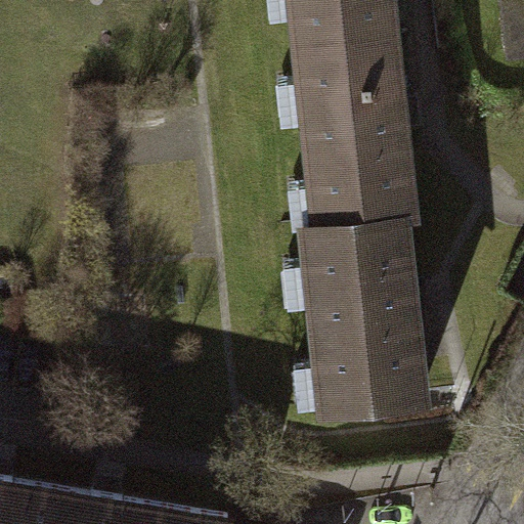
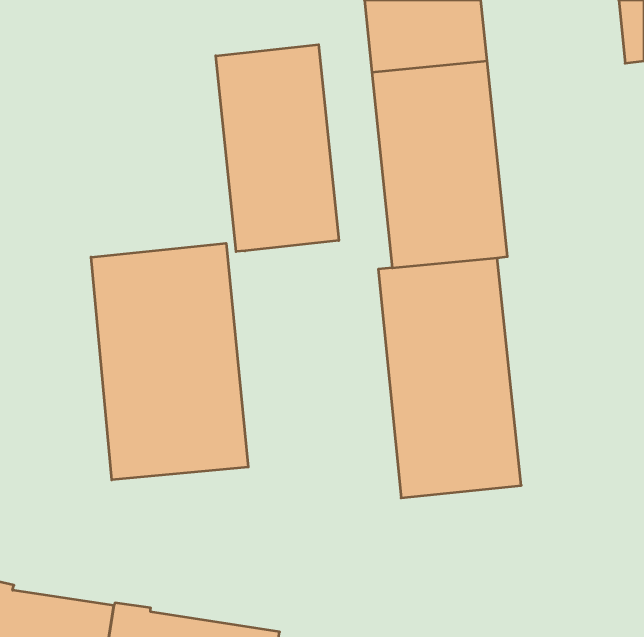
building: none -> [216,45,339,252]
building: none -> [91,243,248,480]

